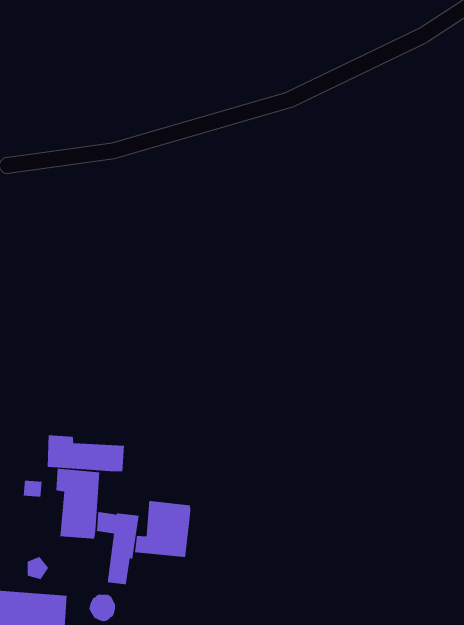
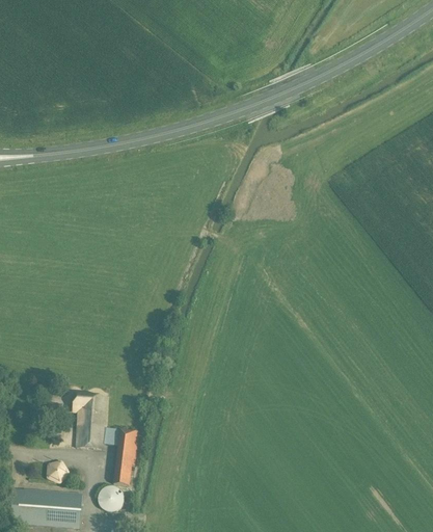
building: [47,435,124,472] -> none
building: [134,500,191,558] -> none

